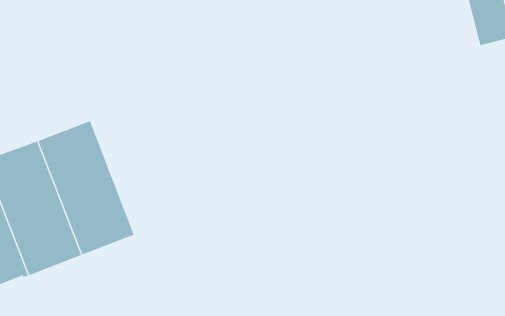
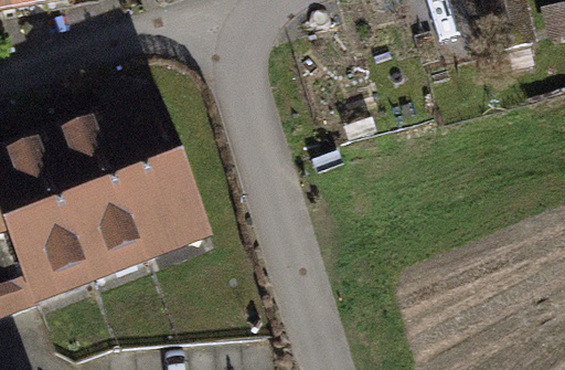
building: none -> [106,116,206,254]

